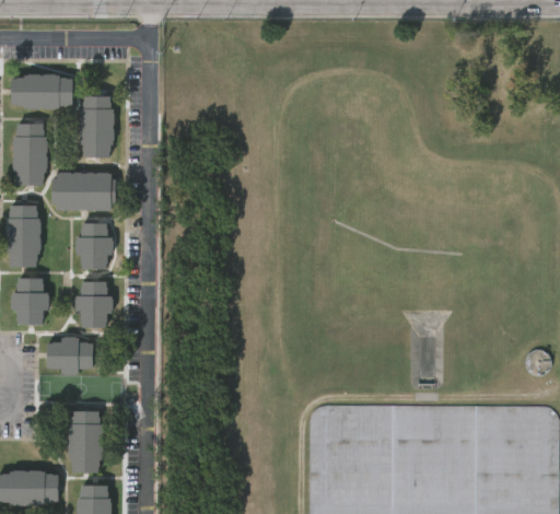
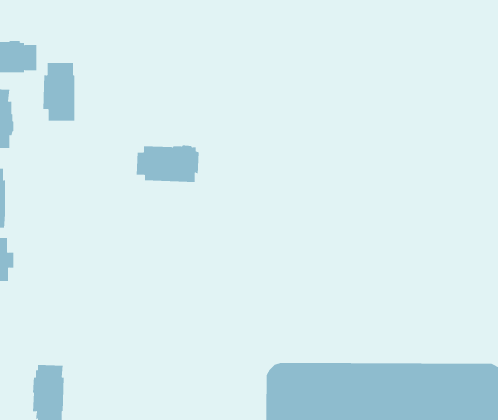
building: [50,171,117,210] -> [136,145,200,183]
building: [74,224,114,271] -> none
building: [72,281,112,327] -> none
building: [45,337,92,374] -> none

